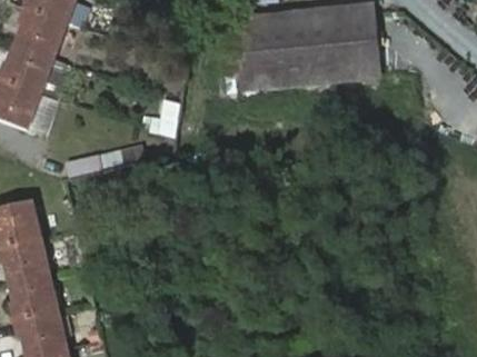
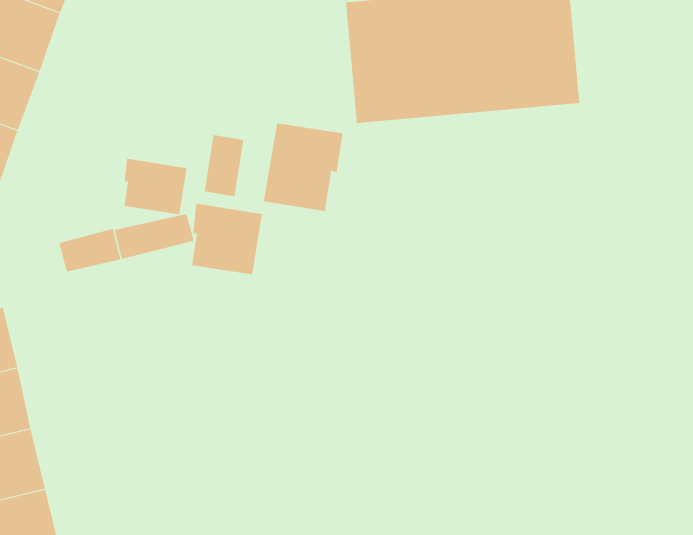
building: none -> [263,123,343,212]
building: none -> [124,158,187,215]
building: none -> [191,203,262,275]

